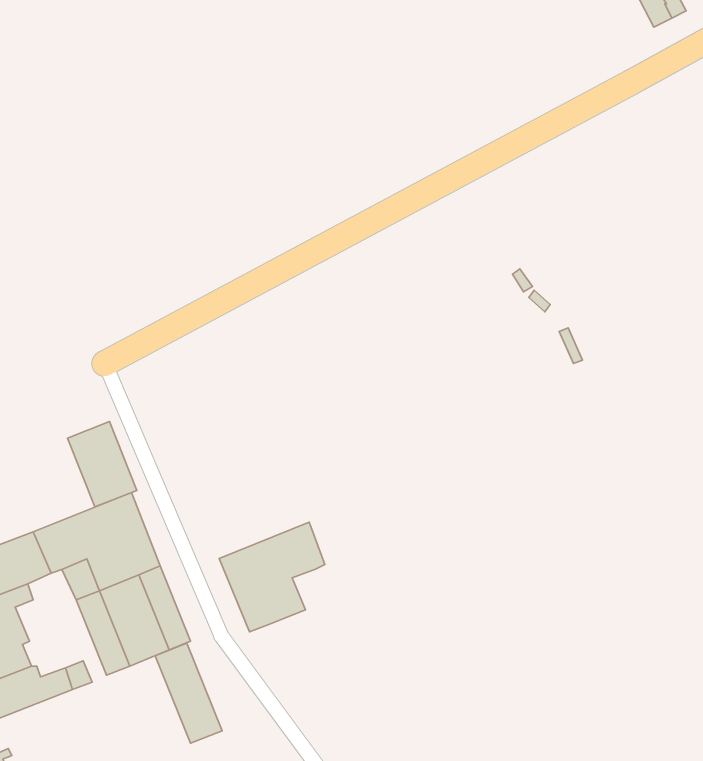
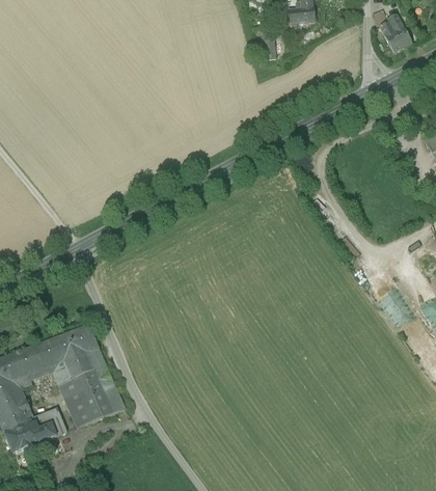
building: [67,421,137,507] -> none
building: [219,522,325,632] -> none
building: [155,643,222,743] -> none

